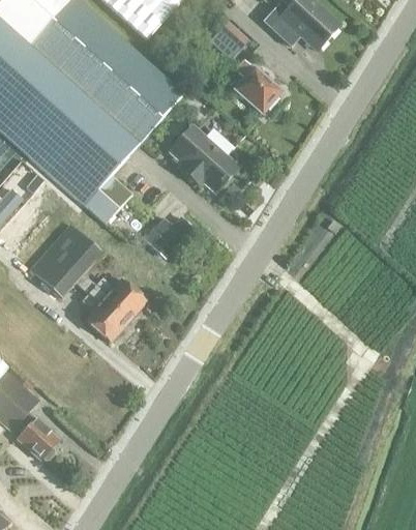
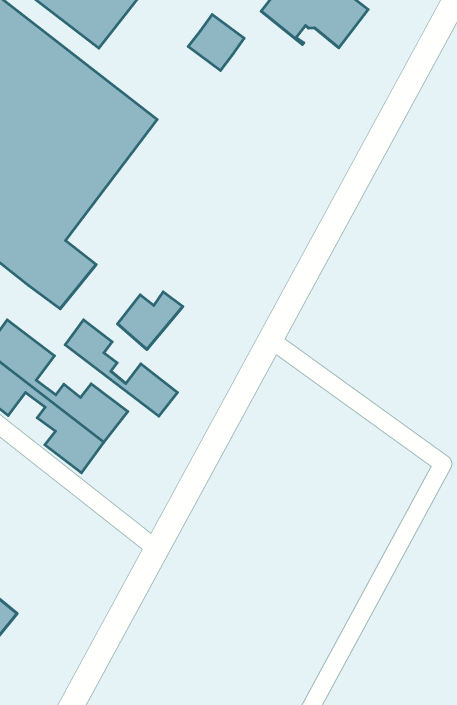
building: [237,60,283,112] -> none
building: [169,125,238,192] -> none
building: none -> [65,320,177,416]

